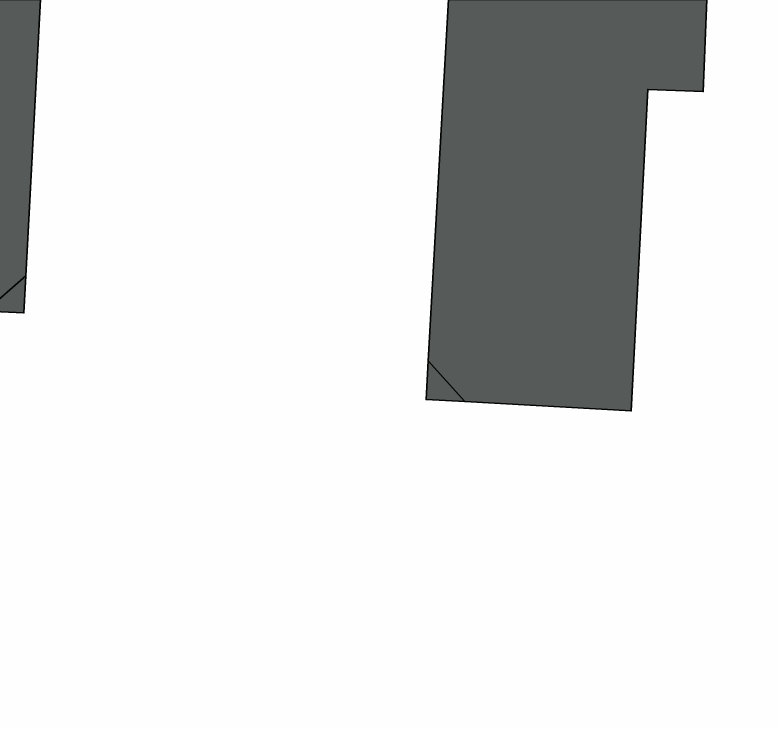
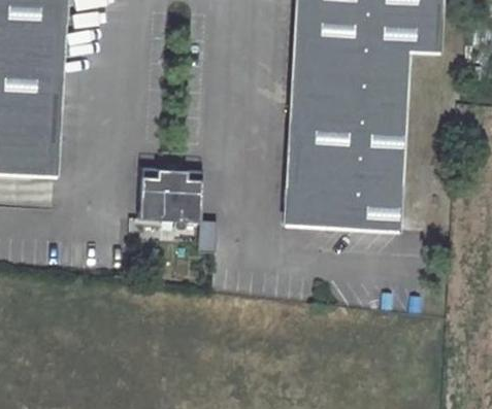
building: none -> [139,166,203,220]

